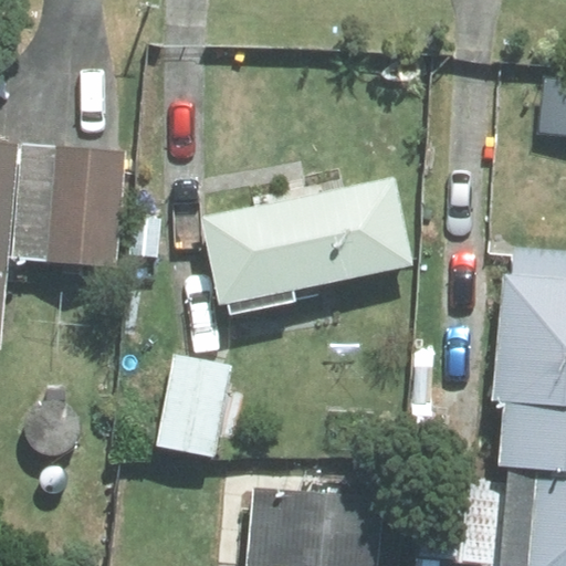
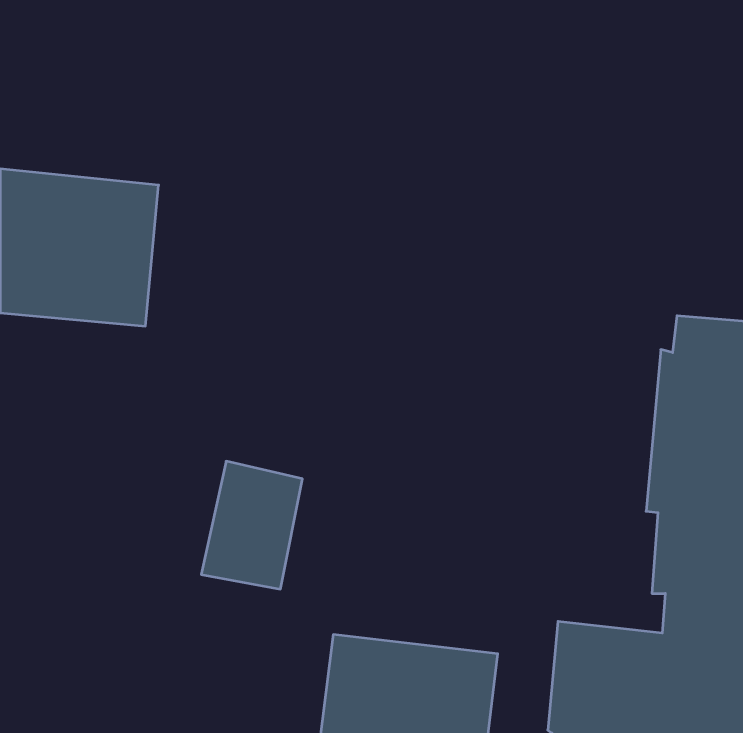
building: [203,180,411,323] -> none

